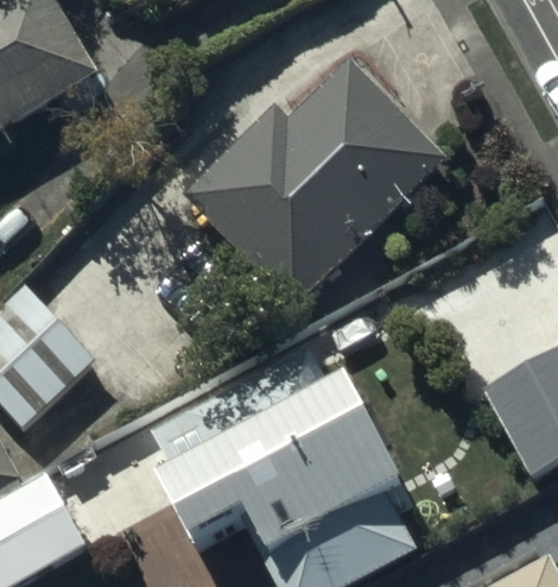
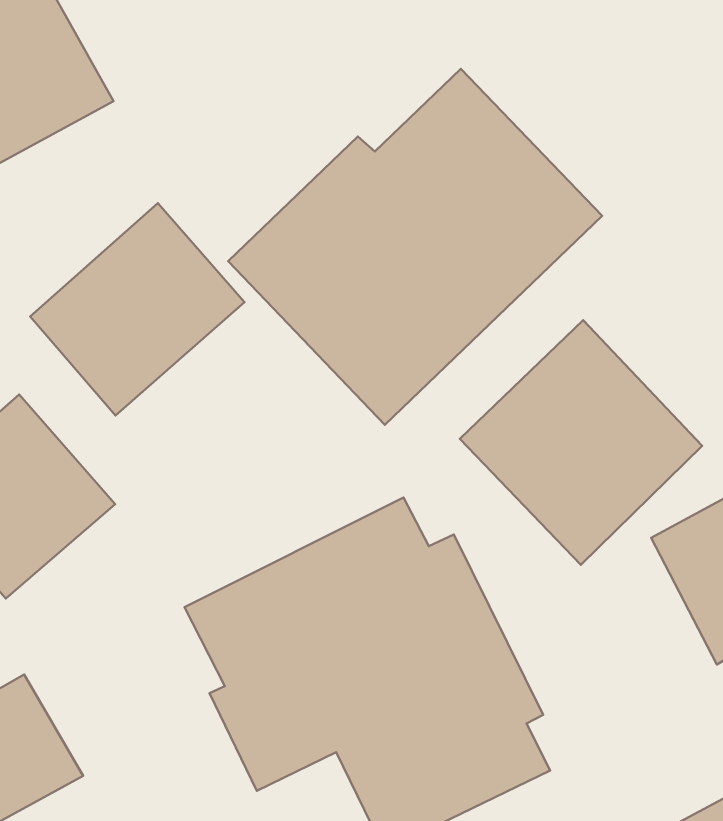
building: none -> [30,203,244,415]
building: none -> [460,320,702,565]

